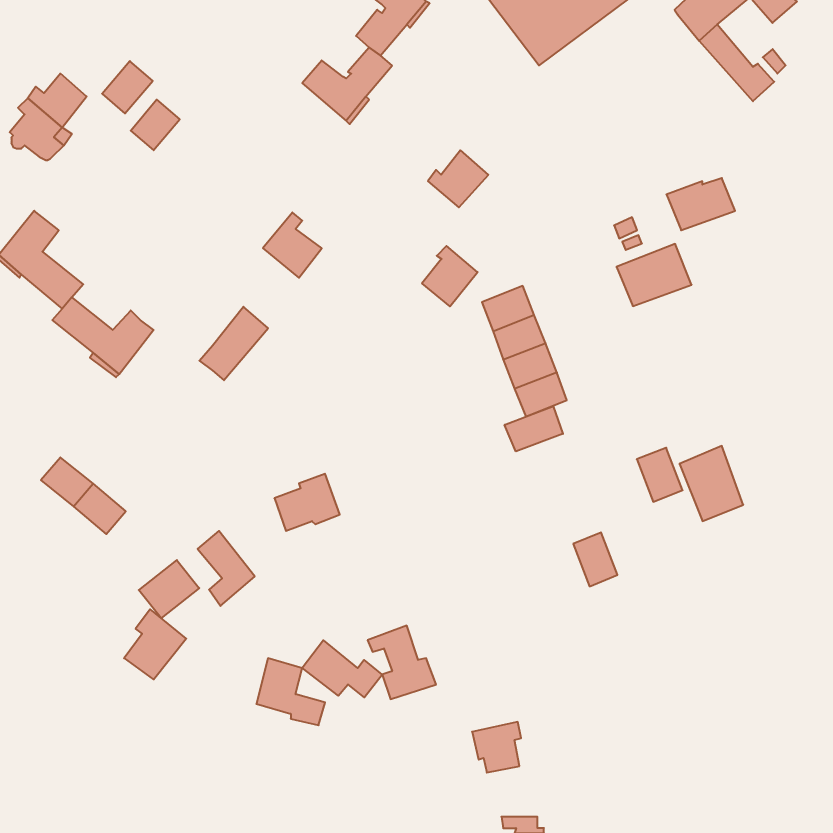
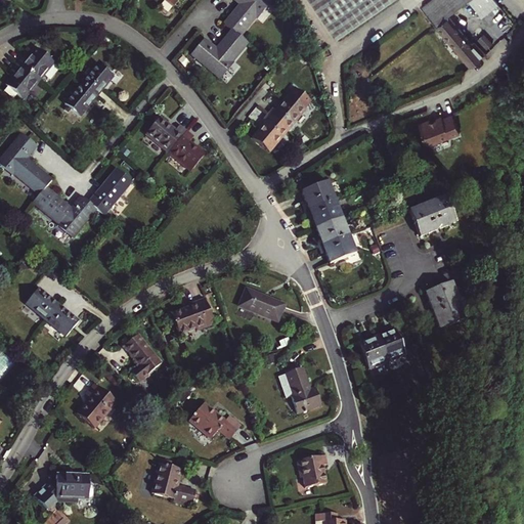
building: [102,61,153,113] -> [64,82,96,115]
building: none -> [143,120,183,156]
building: [616,244,692,306] -> [409,195,456,234]
building: [422,246,478,306] -> [253,114,288,151]
building: [199,307,268,380] -> [88,167,131,213]
building: [505,406,563,451] -> none
building: [637,448,683,502] -> [377,326,405,360]
building: none -> [241,289,283,319]
building: [139,560,199,618] -> none
building: [368,626,436,699] -> [279,366,322,412]
building: [256,658,325,725] -> [150,462,193,504]
building: none -> [35,473,92,509]

